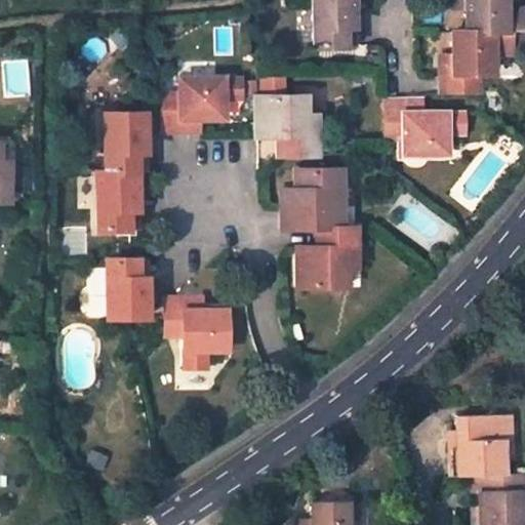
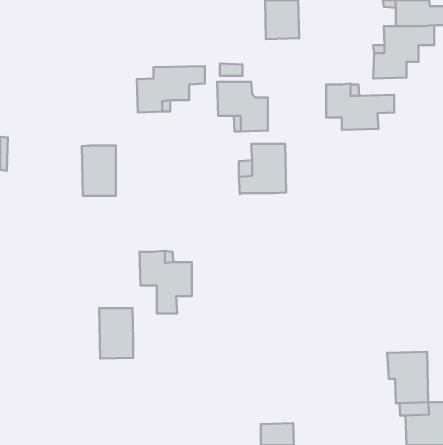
building: [107,113,148,171] -> none
building: [299,227,359,286] -> none
building: [110,258,150,318] -> [99,308,133,359]

